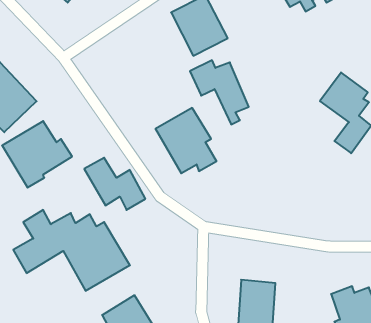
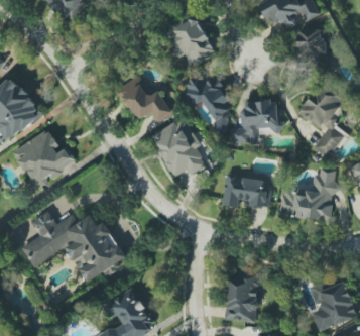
building: none -> [296,29,327,63]
building: none -> [230,101,279,144]
building: [84,158,145,210] -> [118,79,173,126]
building: none -> [279,170,337,220]
building: none -> [222,176,272,209]

